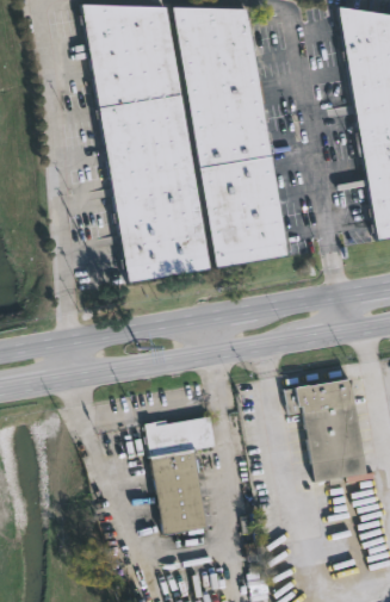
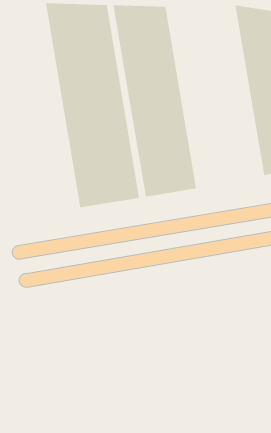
building: [284,380,364,482] -> none
building: [144,415,215,534] -> none

